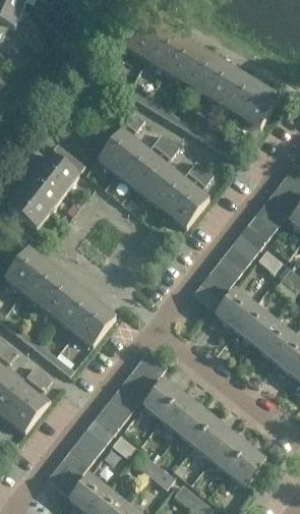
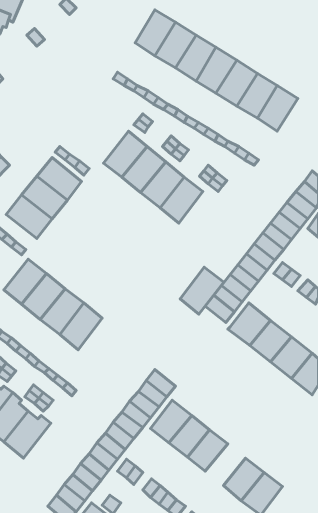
building: [169,186,209,230] -> [180,267,224,314]
building: [75,304,116,347] -> none
building: [193,421,231,460] -> none

